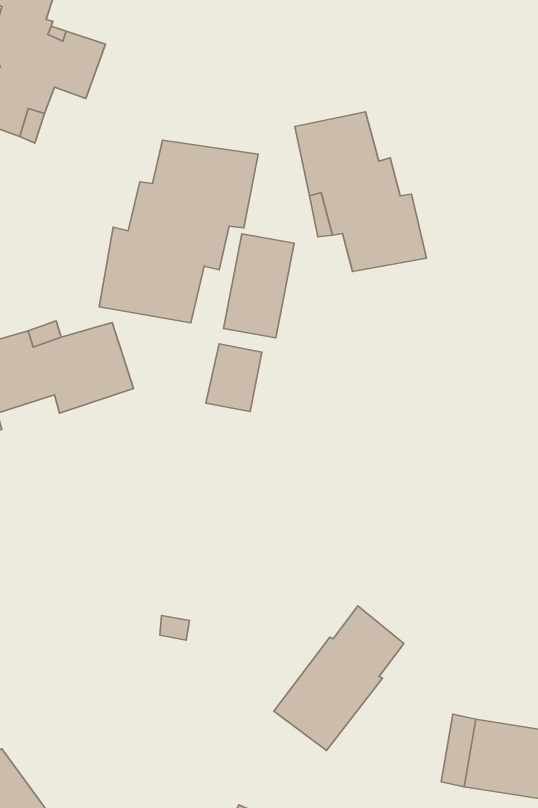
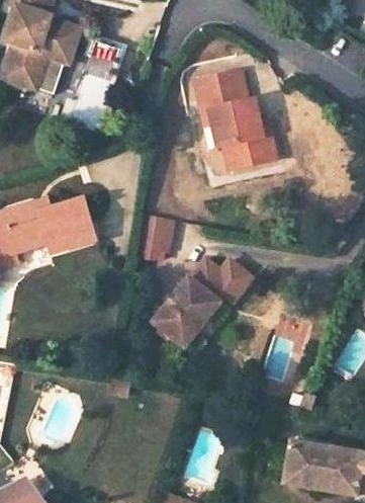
building: [99,140,258,323] -> none
building: [224,234,294,338] -> none
building: [274,606,404,751] -> [154,257,234,346]

